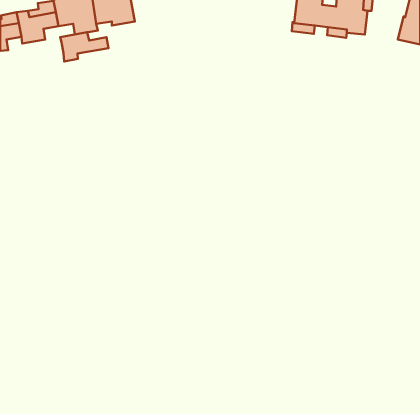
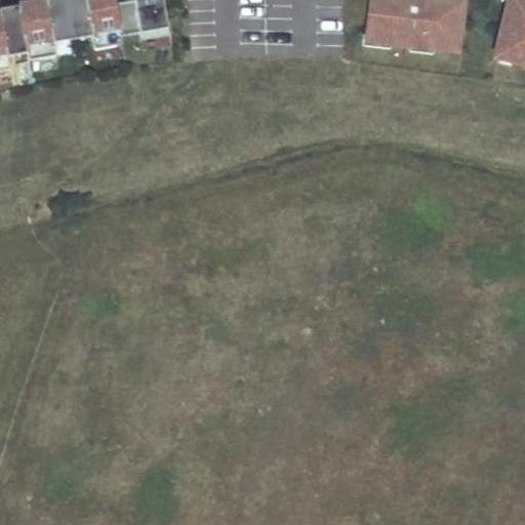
building: [60,32,109,62] -> none

